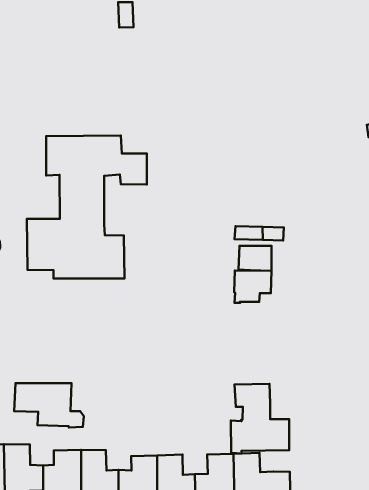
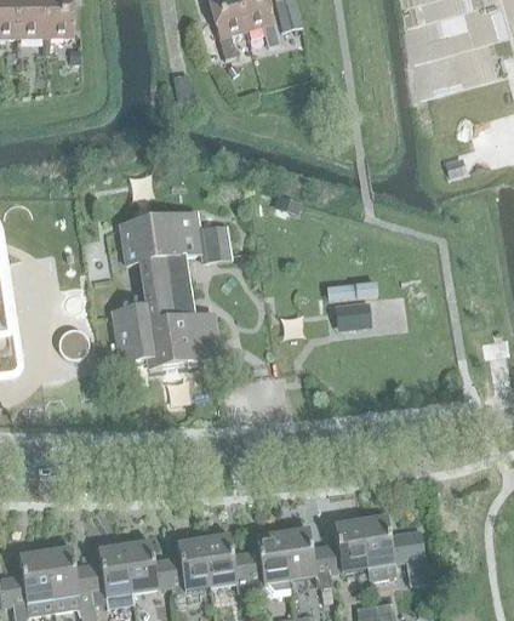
building: [234,271,271,303] -> none
building: [14,383,84,428] -> none
building: [231,384,289,454] -> none

